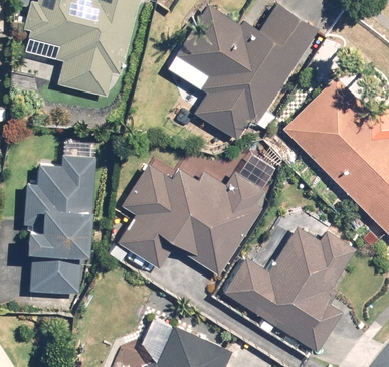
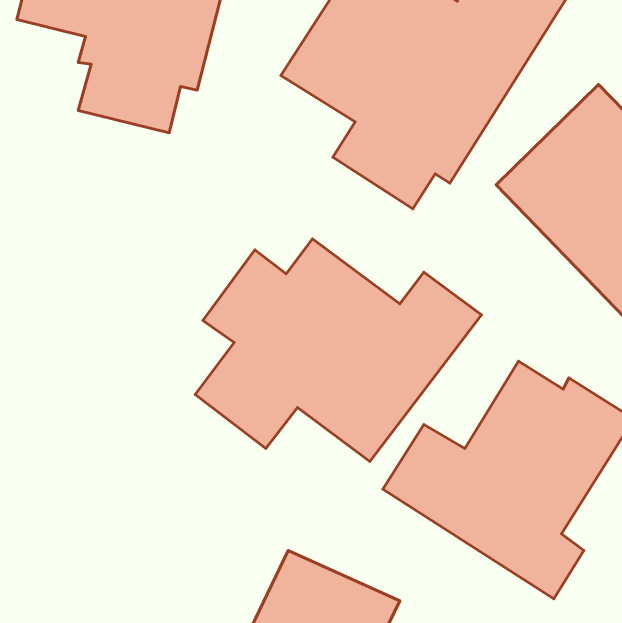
building: [23,154,94,295] -> none

